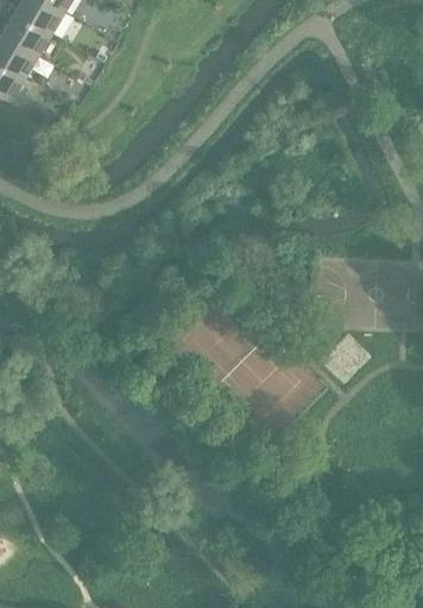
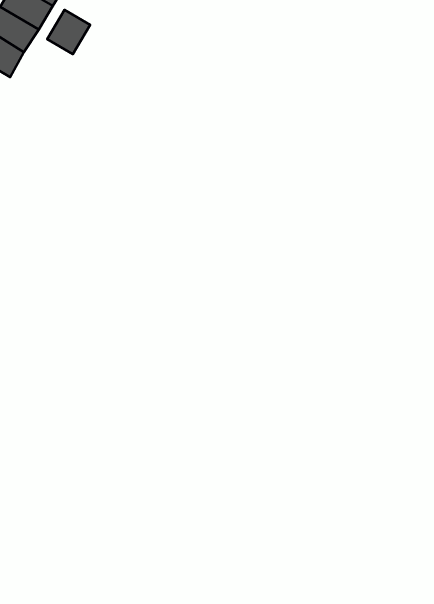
building: none -> [47,10,90,54]

